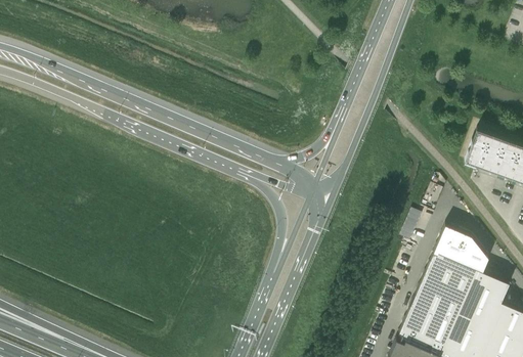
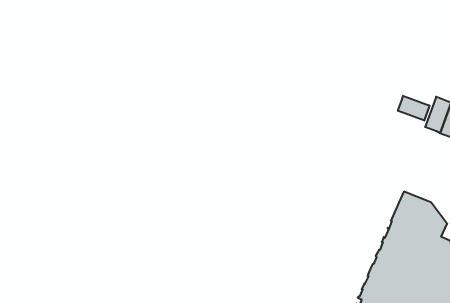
building: none -> [398,96,429,121]

